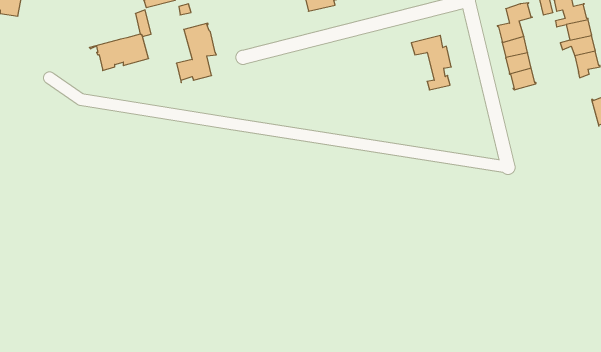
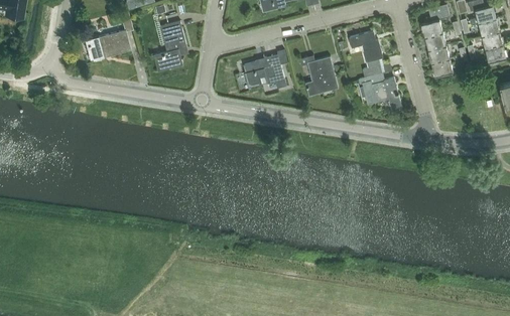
building: none -> [243,54,286,89]
building: none -> [298,55,338,96]
building: none -> [358,72,400,108]

